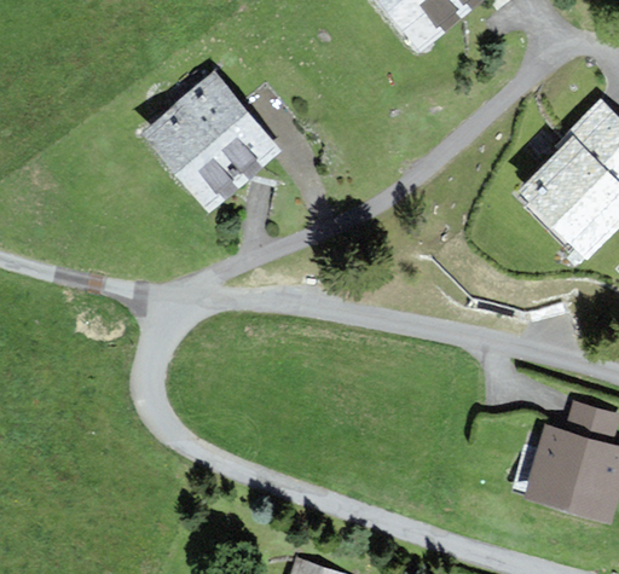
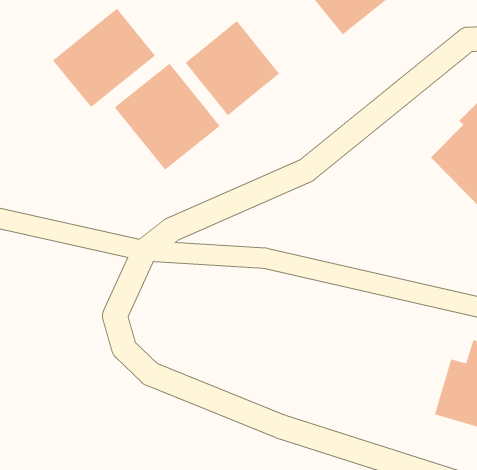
building: none -> [52,8,156,108]
building: none -> [185,20,280,116]

